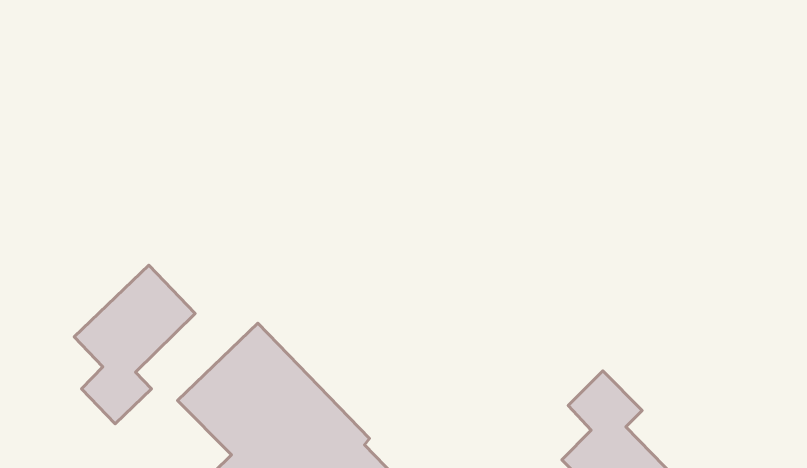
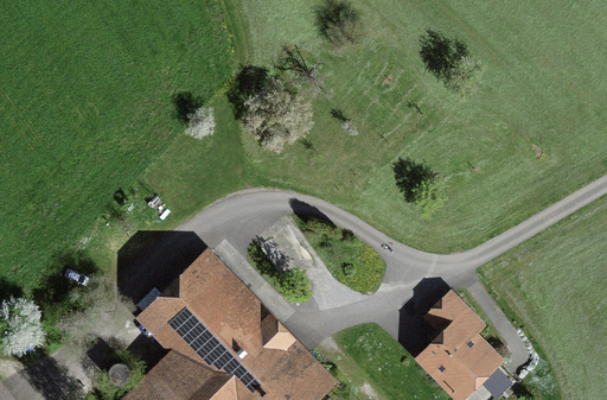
building: [74,265,195,424] -> none

